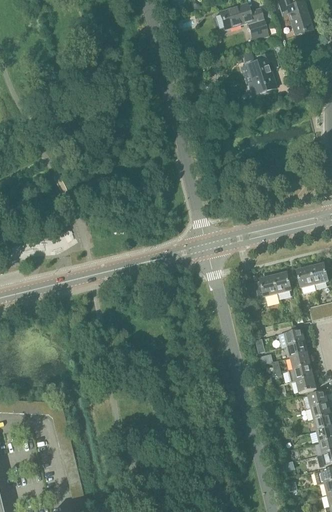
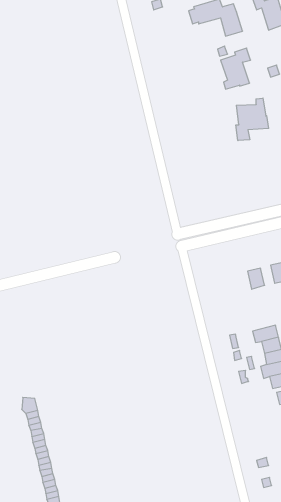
building: none -> [236,98,269,141]
building: [255,274,279,302] -> none

